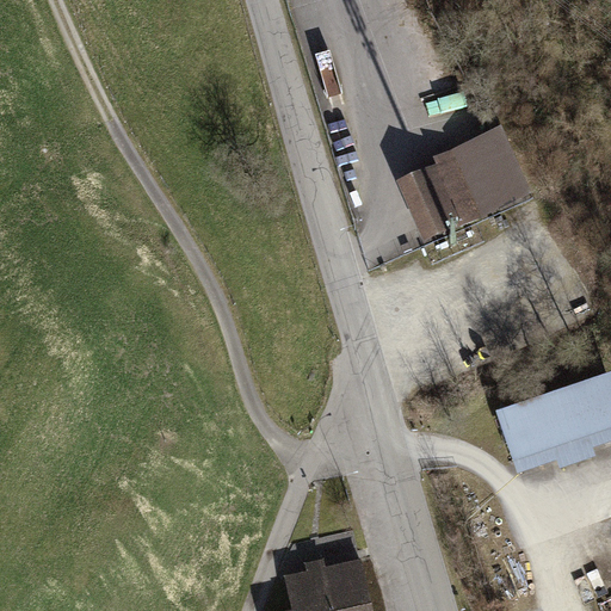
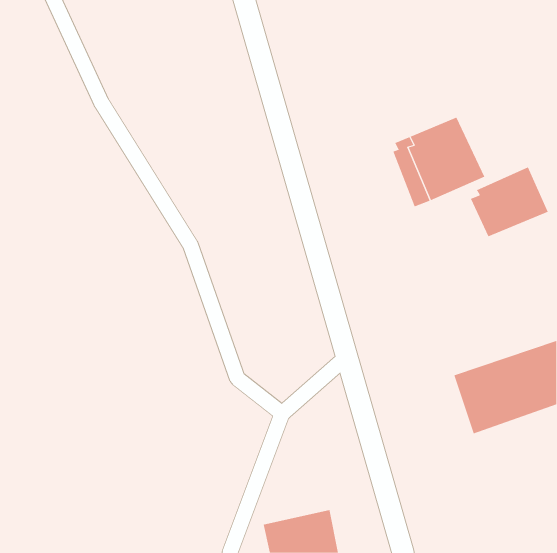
building: [400,166,453,239] -> none
building: none -> [470,166,548,237]

